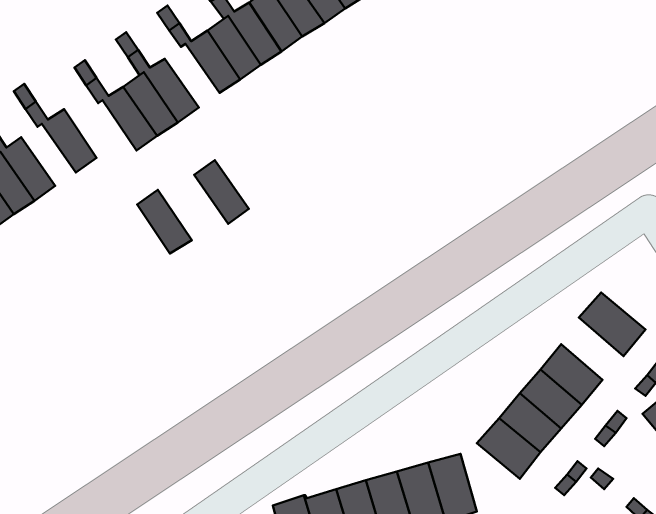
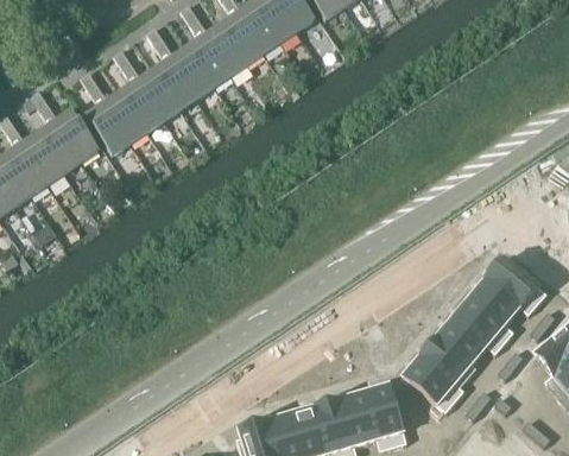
building: none -> [36,122,80,172]
building: [194,160,249,224] -> [151,58,195,109]
building: [137,190,192,253] -> [84,103,128,154]
building: none -> [469,278,519,328]

